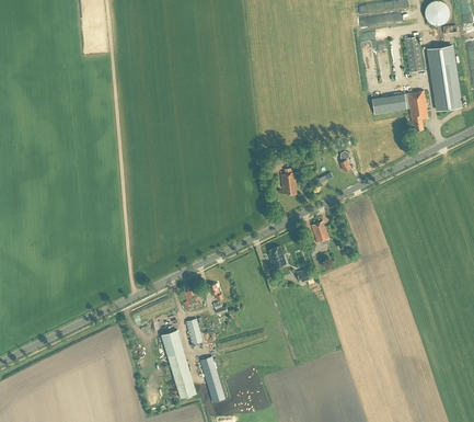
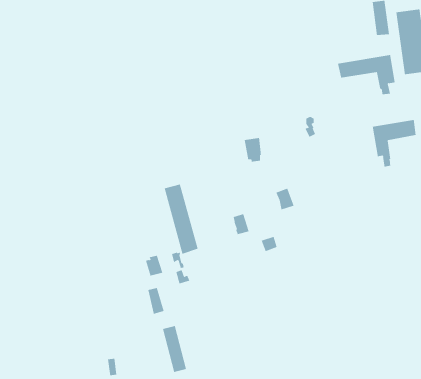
building: none -> [372,119,416,168]
building: [160,329,194,398] -> [164,184,199,254]

